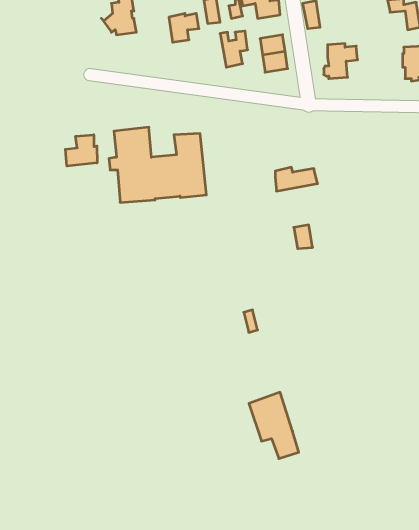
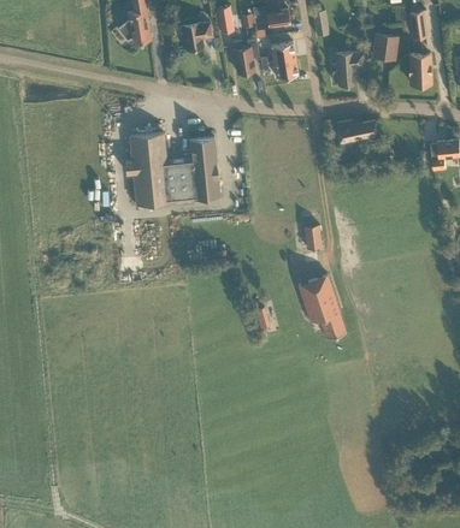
building: none -> [372,34,400,61]
building: [65,135,97,166] -> none
building: [275,167,318,191] -> [338,120,379,143]
building: [249,392,299,459] -> [299,275,347,339]

